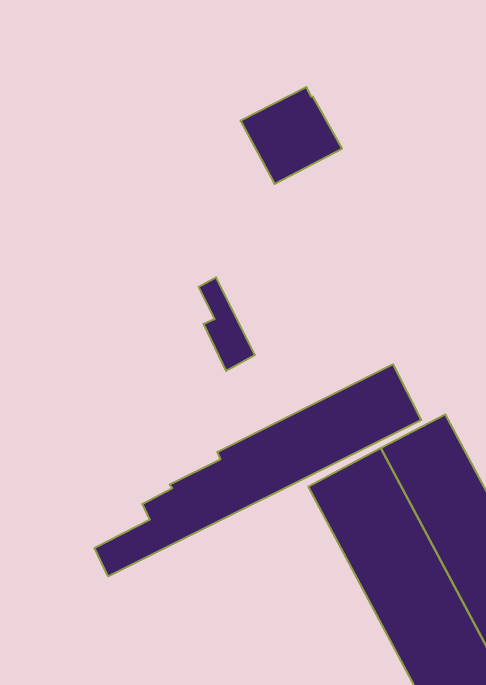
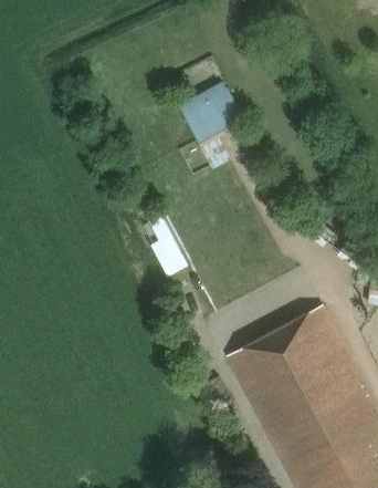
building: [95,364,421,576] -> none

